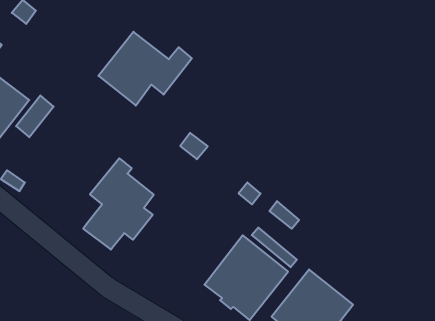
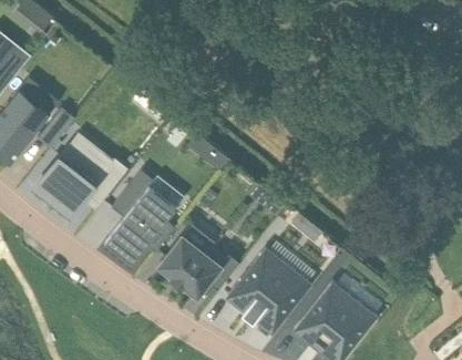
building: [98,32,192,106] -> [35,138,130,213]
building: none -> [158,236,238,295]

